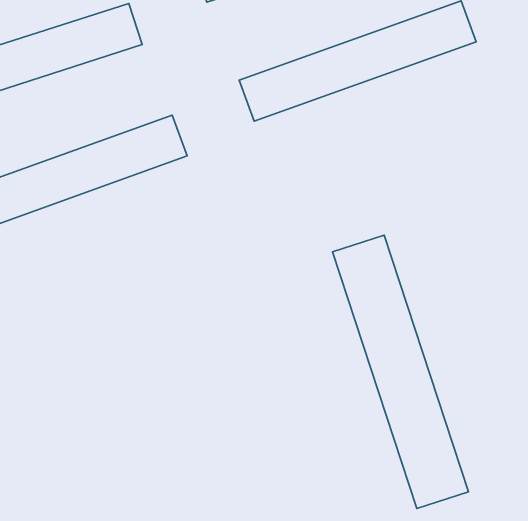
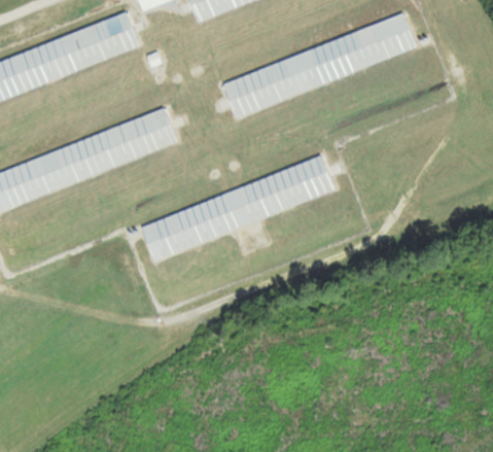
building: none -> [140,161,337,255]
building: [333,235,468,509] -> none

